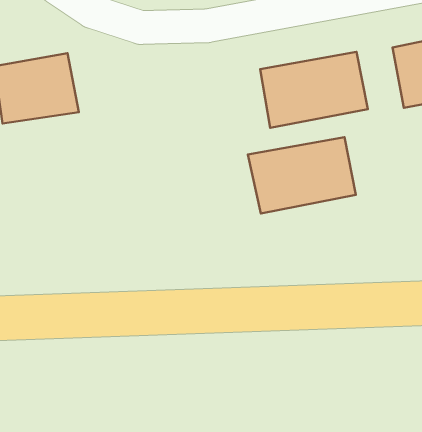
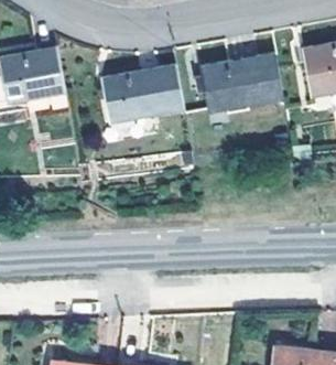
building: [248,137,356,213] -> [101,64,184,122]

